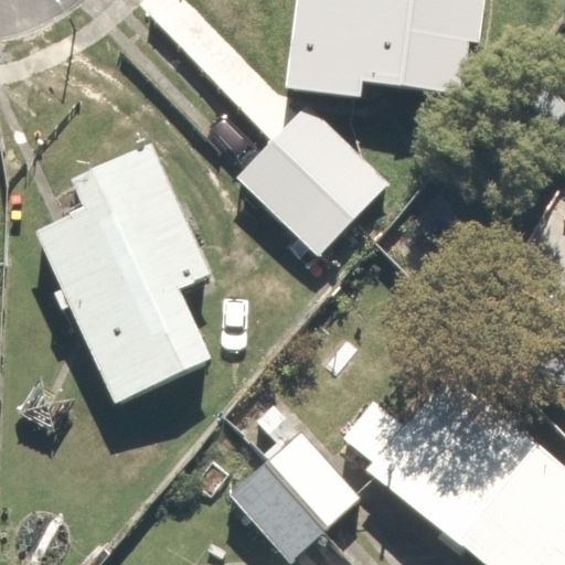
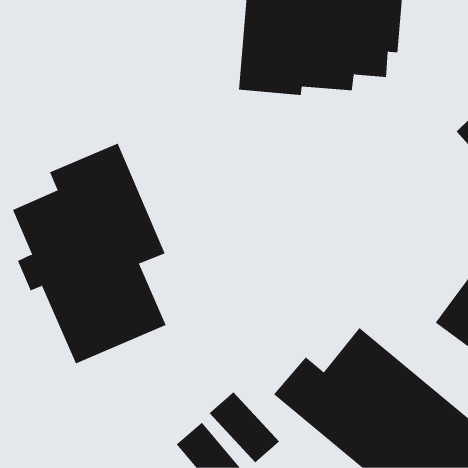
building: [228,127,384,280] -> none

